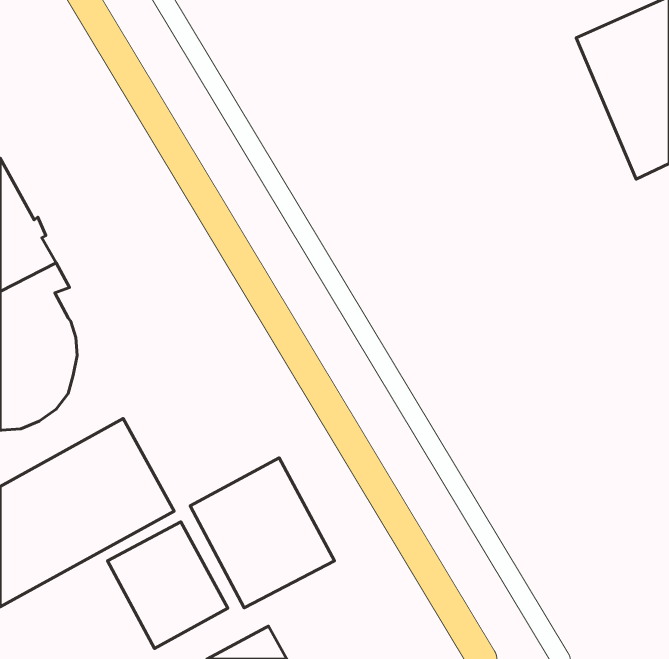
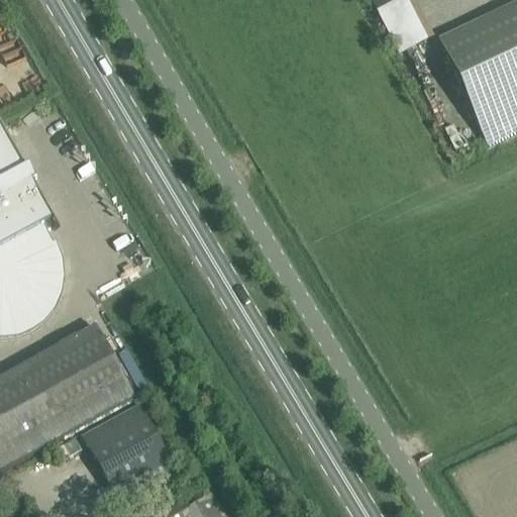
building: [190,458,334,608] -> none

